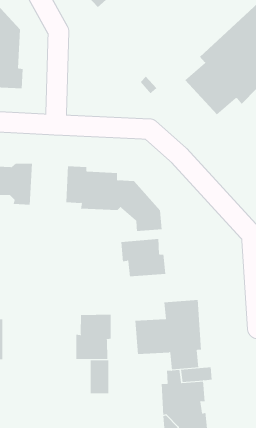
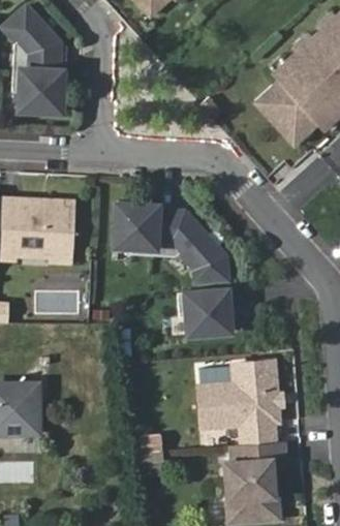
building: [76,314,111,360] -> none

